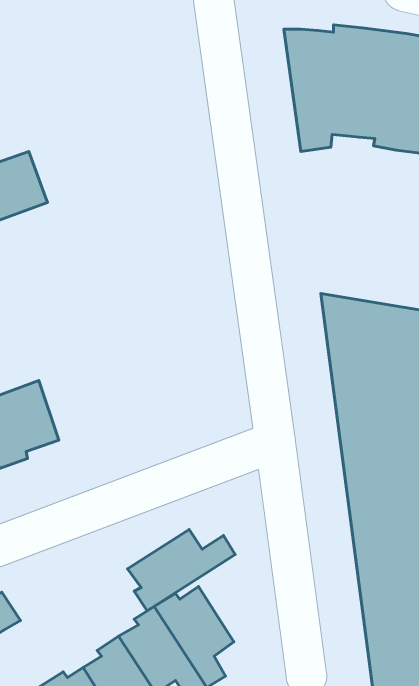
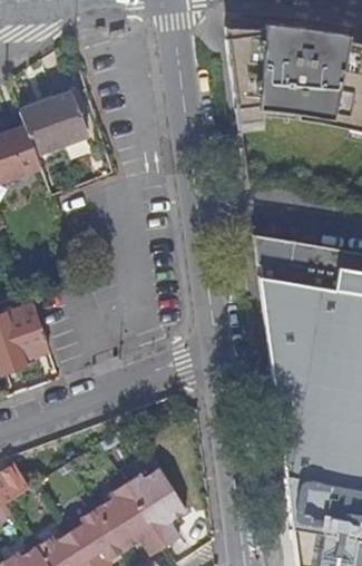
building: none -> [20,90,88,152]
building: [127,529,235,611] -> none

